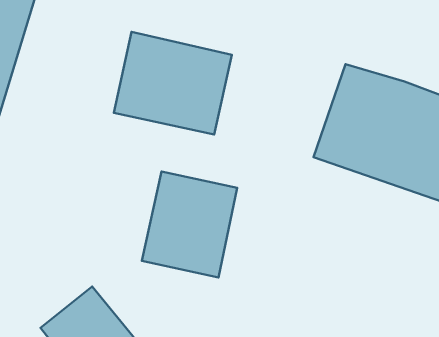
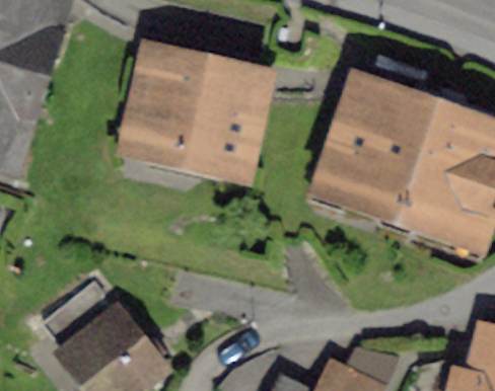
building: [142,171,237,278] -> none

